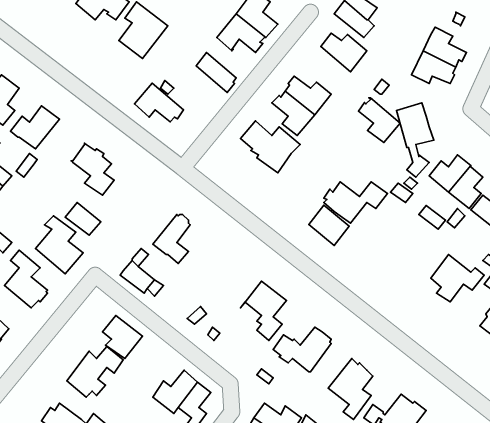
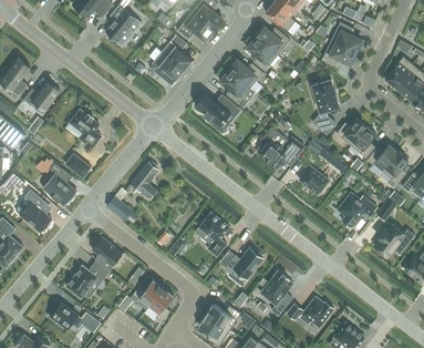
building: [134,83,183,122] -> [148,51,185,80]
building: [359,98,400,142] -> [246,37,277,70]
building: [309,205,349,245] -> [299,164,329,194]

